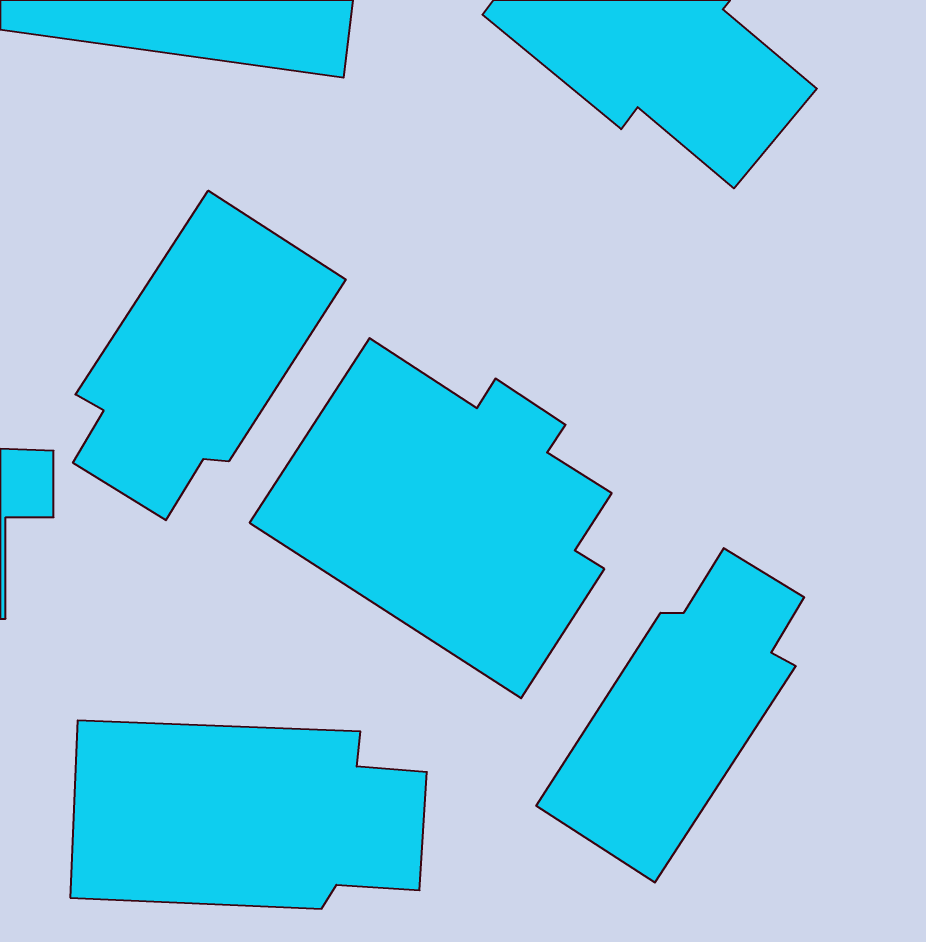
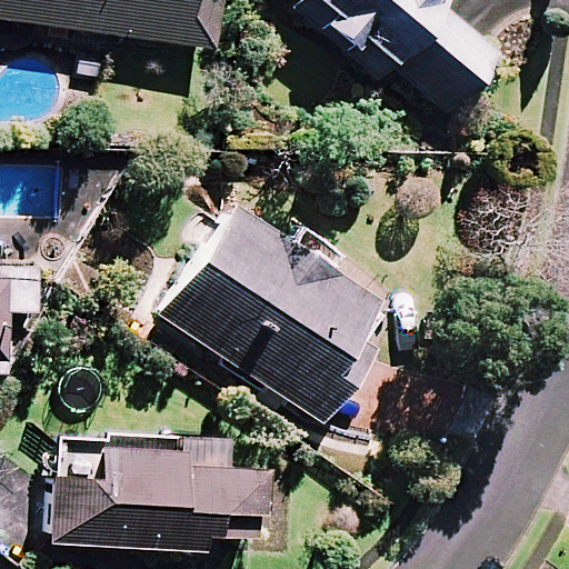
building: [73,191,346,520] -> none
building: [536,548,804,883] -> none

